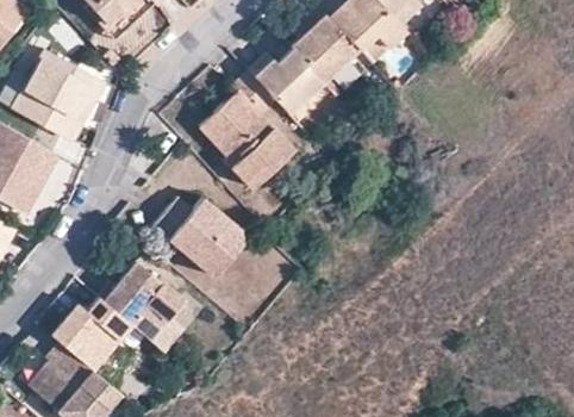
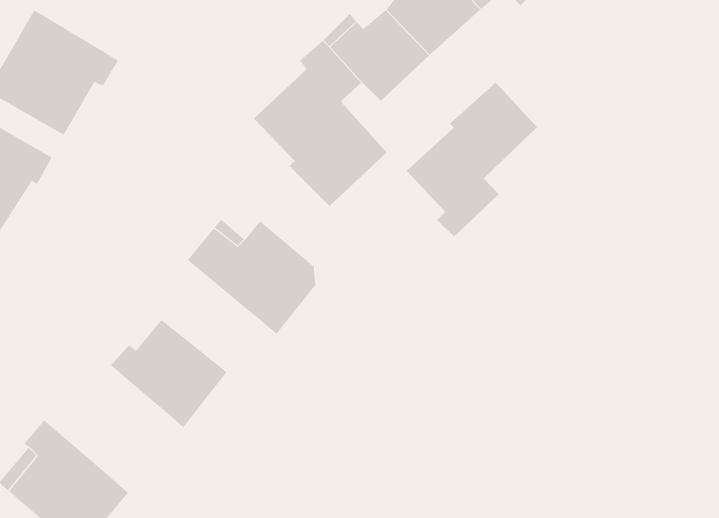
building: none -> [406,82,538,237]
building: [51,299,132,372] -> none

